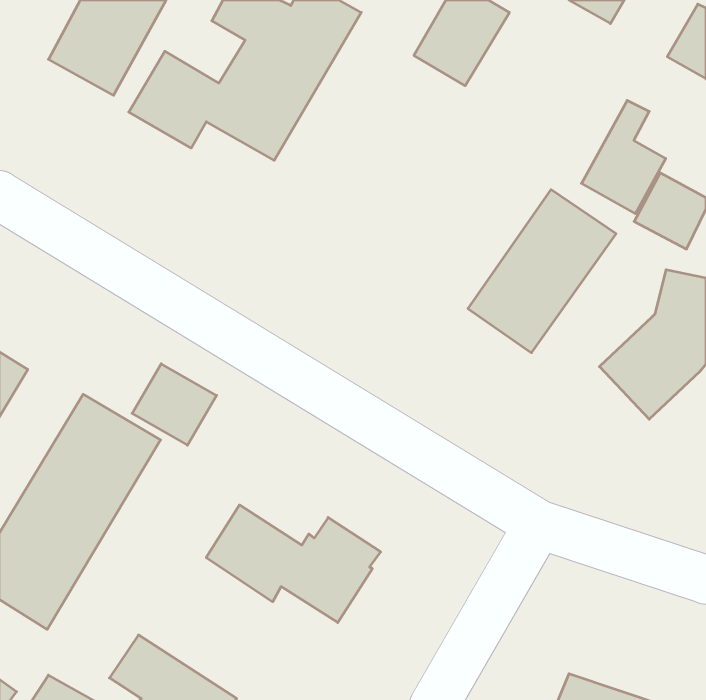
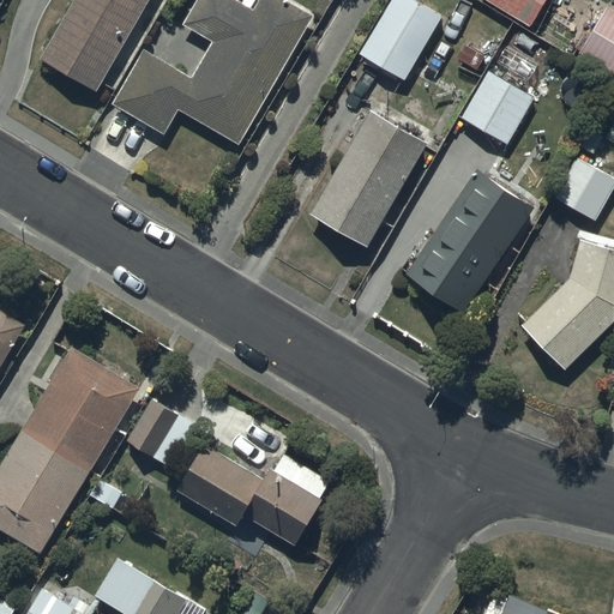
building: [581,100,666,214] -> [459,47,532,145]
building: none -> [311,109,426,245]
building: [132,364,217,445] -> [126,398,199,469]

